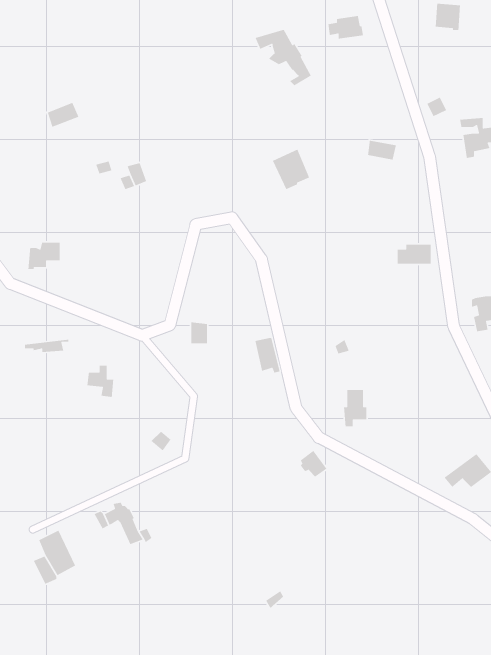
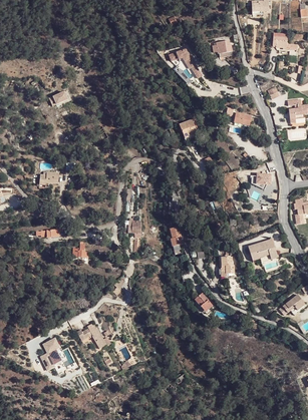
building: none -> [247,239,276,263]

